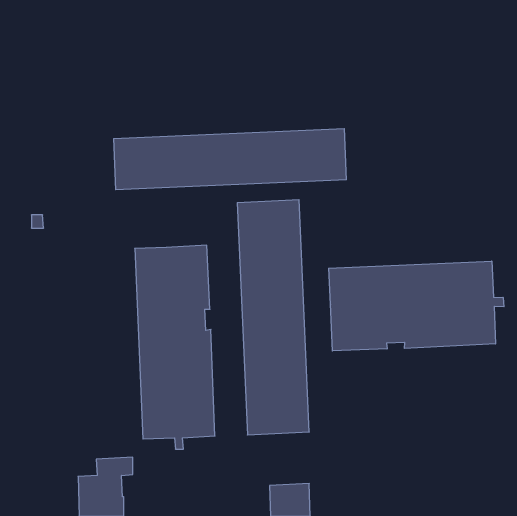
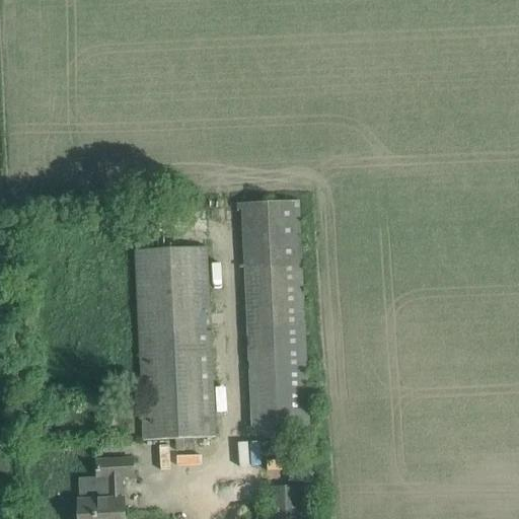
building: [114,129,346,190] -> none
building: [329,261,504,351] -> none

